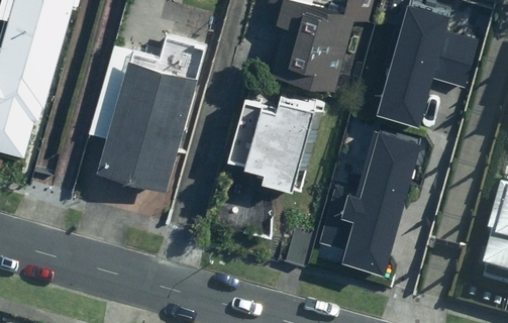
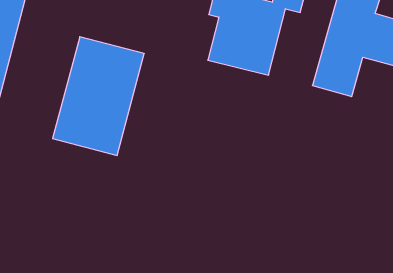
building: [221,102,308,192] -> none
building: [323,126,424,261] -> none

